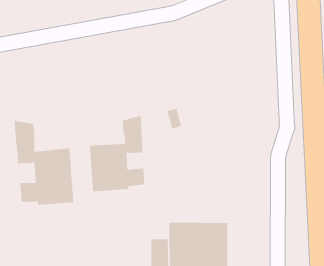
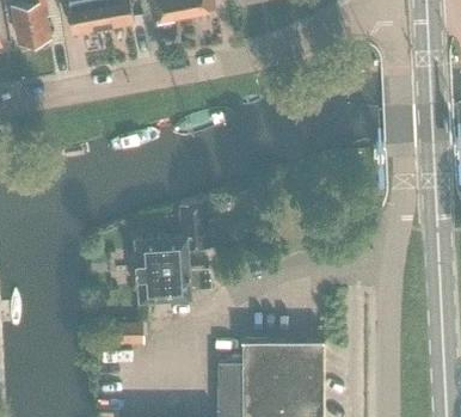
building: [14,120,74,205] -> none

